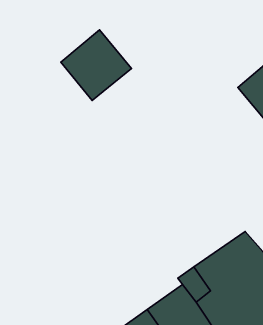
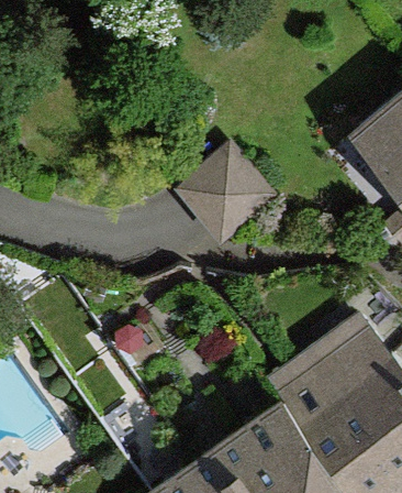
building: [61,30,132,101] -> [176,140,272,237]

